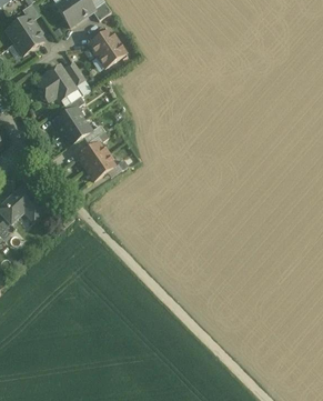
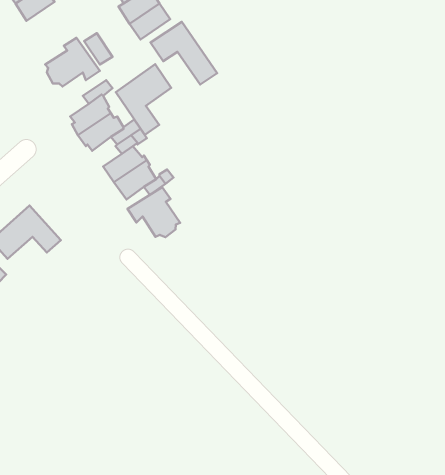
building: none -> [150,22,217,85]
building: none -> [116,64,171,135]
building: none -> [127,187,180,237]

